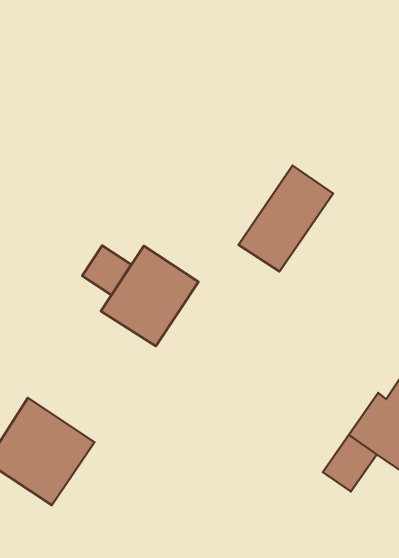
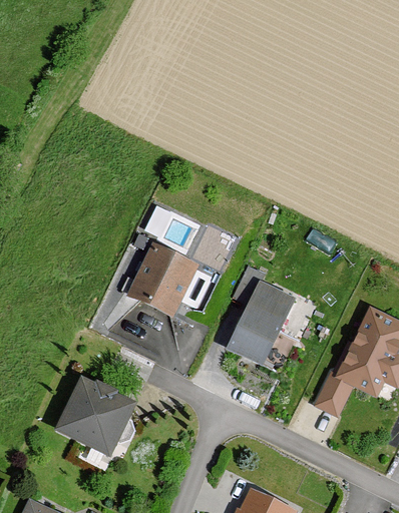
building: [239,166,333,271] -> [227,281,295,365]
building: [82,245,131,295] -> none

